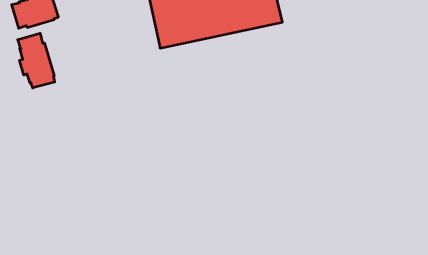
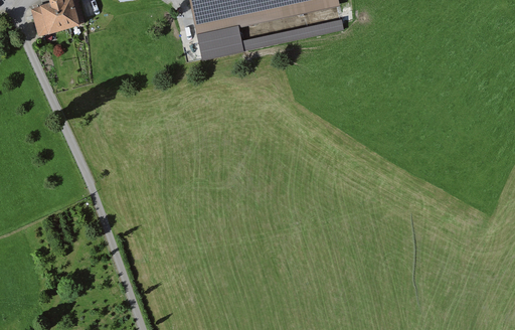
building: [18,33,55,88] -> none

